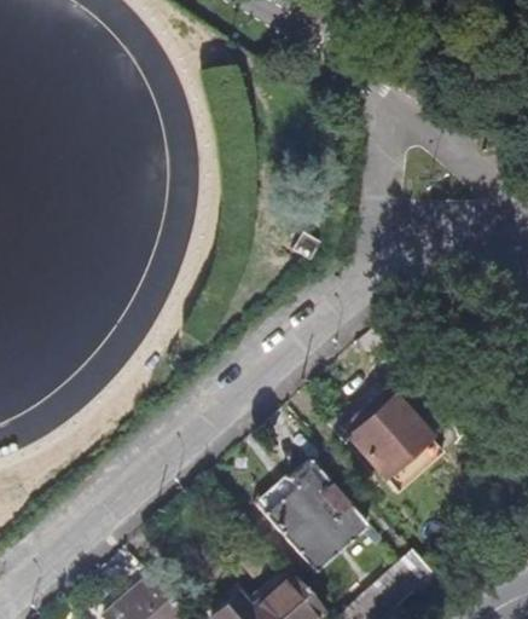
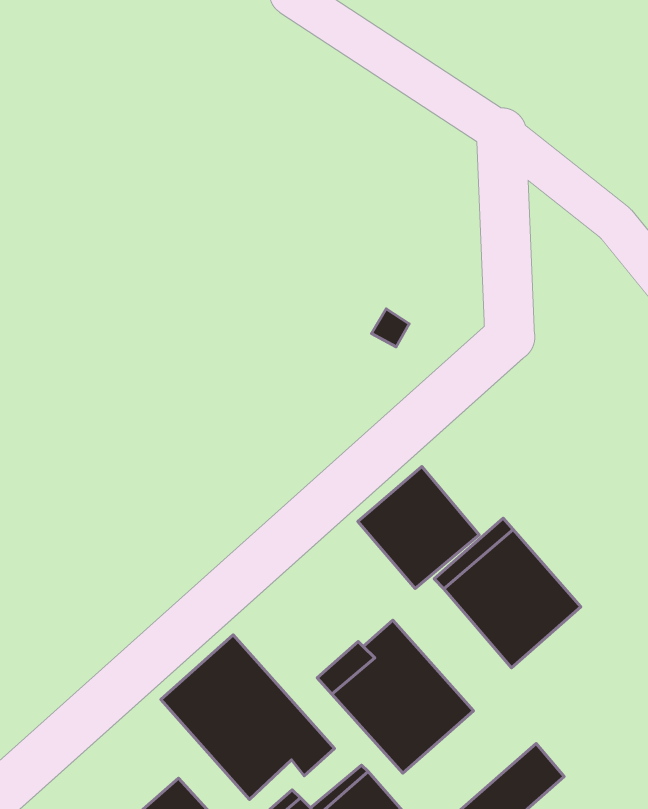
building: none -> [358,466,479,589]
building: none -> [161,635,335,799]

